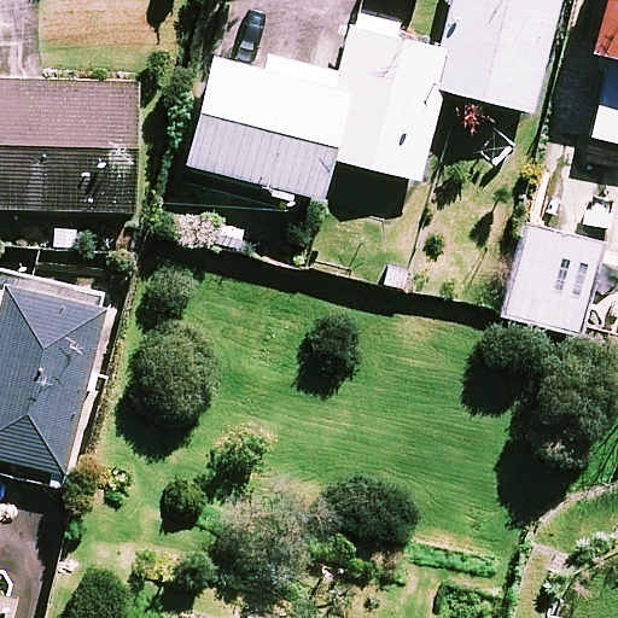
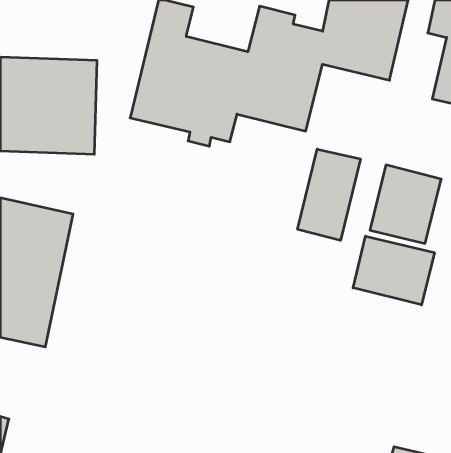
building: none -> [298,149,360,240]
building: none -> [353,236,434,305]

